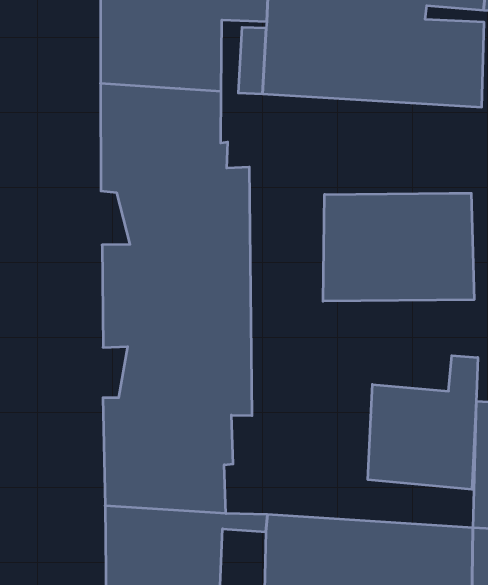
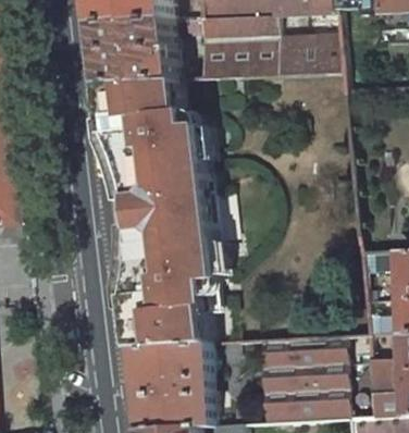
building: [323,193,474,301] -> none
building: [368,356,478,489] -> none

